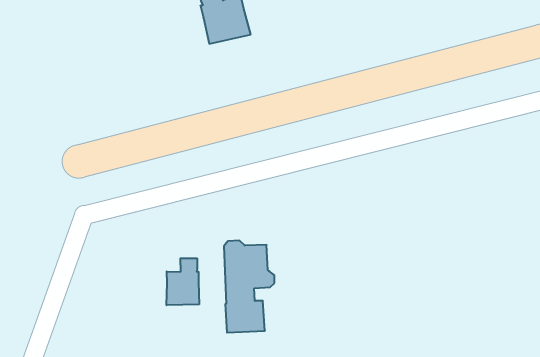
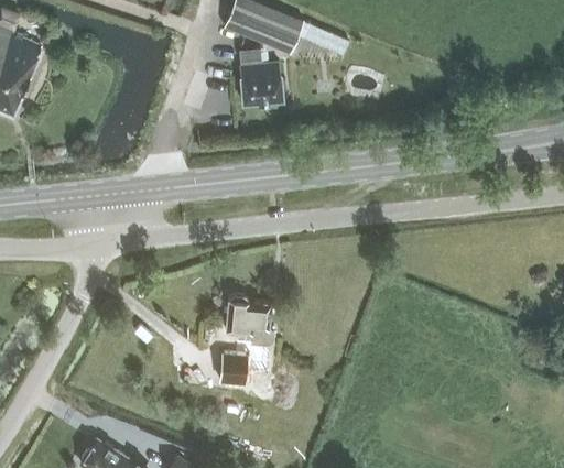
building: [167,258,199,305] -> none

